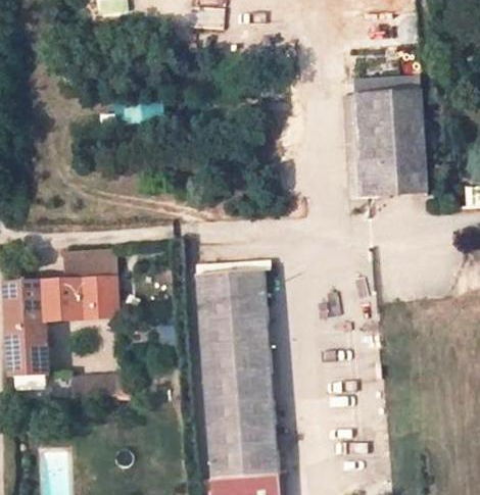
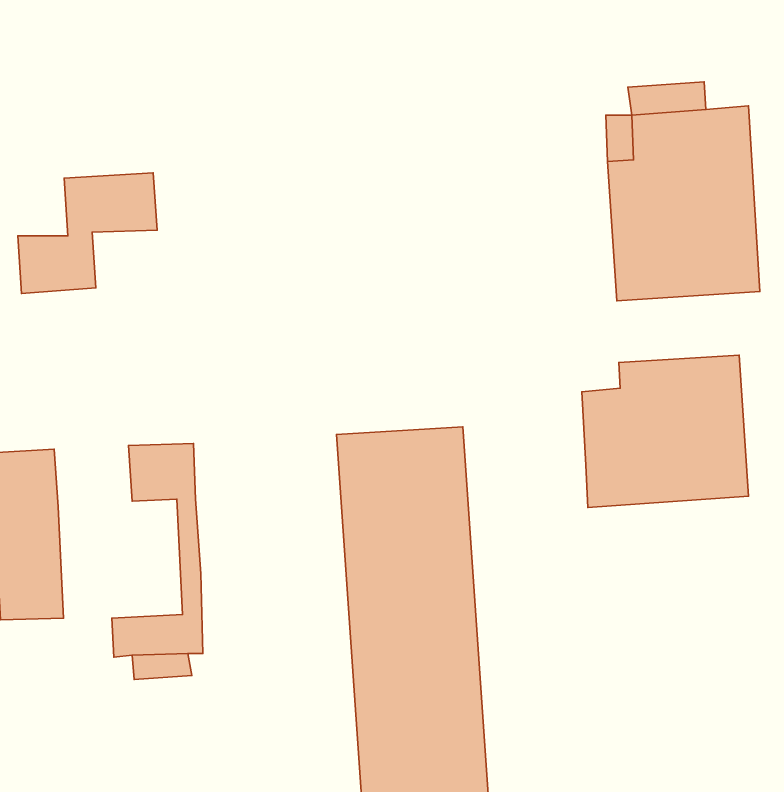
building: none -> [582,355,748,508]
building: [40,248,116,314] -> [18,173,157,293]

